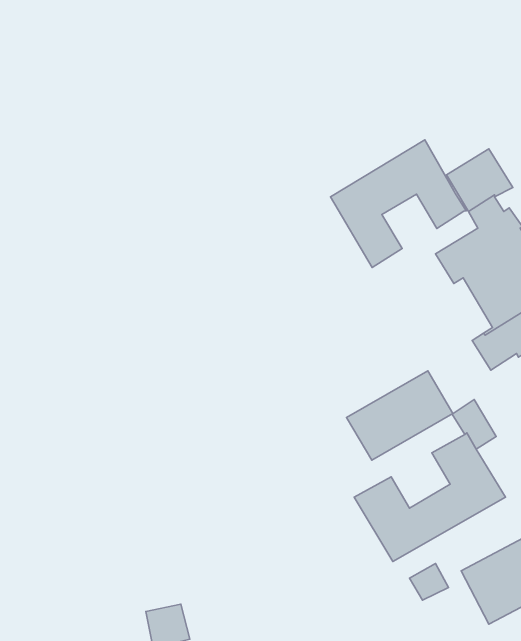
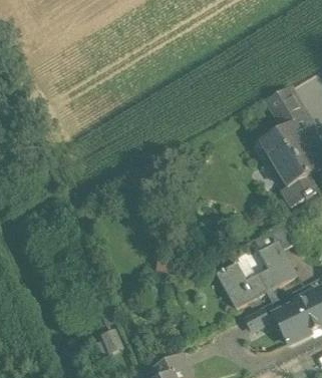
building: [331,140,466,268] -> none
building: [347,371,453,460] -> none

